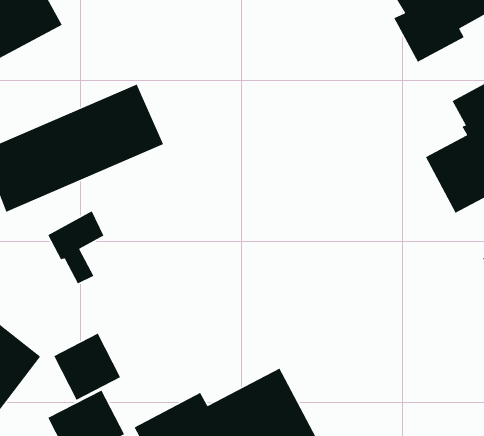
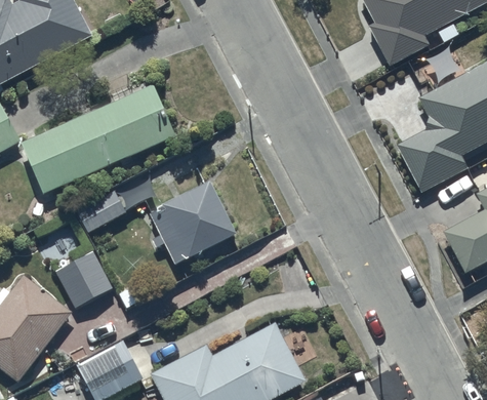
building: none -> [148,181,236,266]
building: [53,333,121,401] -> [55,251,113,309]

